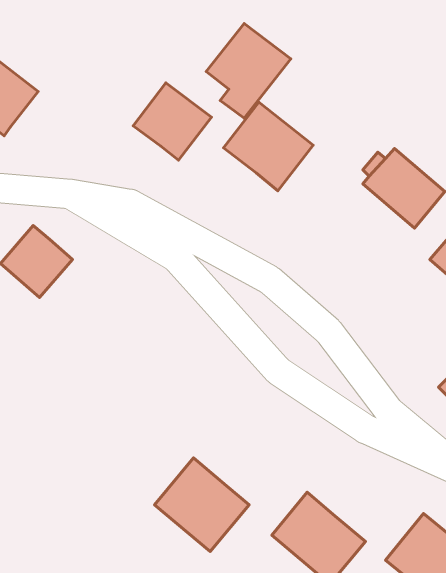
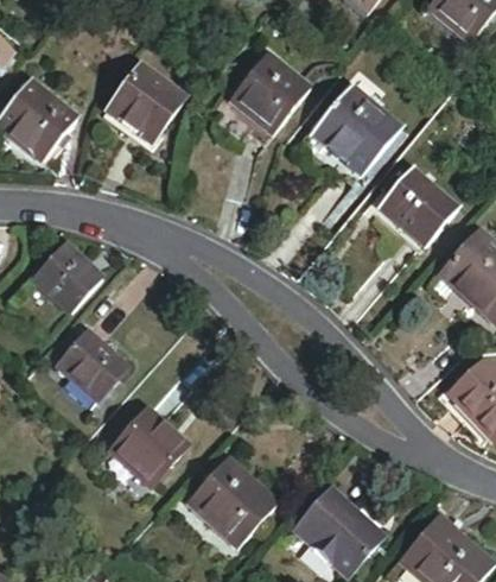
building: [133,83,211,160] -> [108,67,182,139]
building: [223,102,313,191] -> [316,89,400,172]
building: none -> [58,328,129,398]
building: none -> [113,412,185,486]

